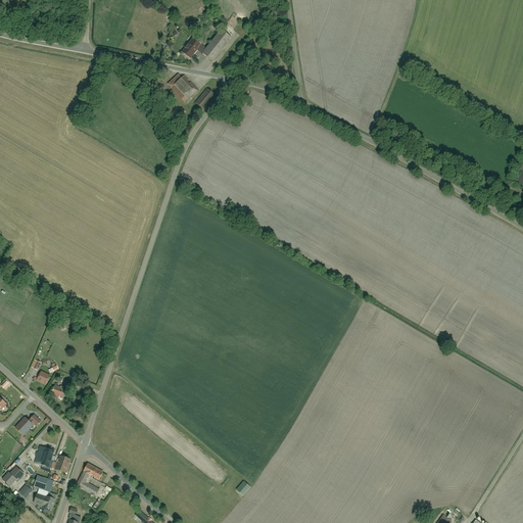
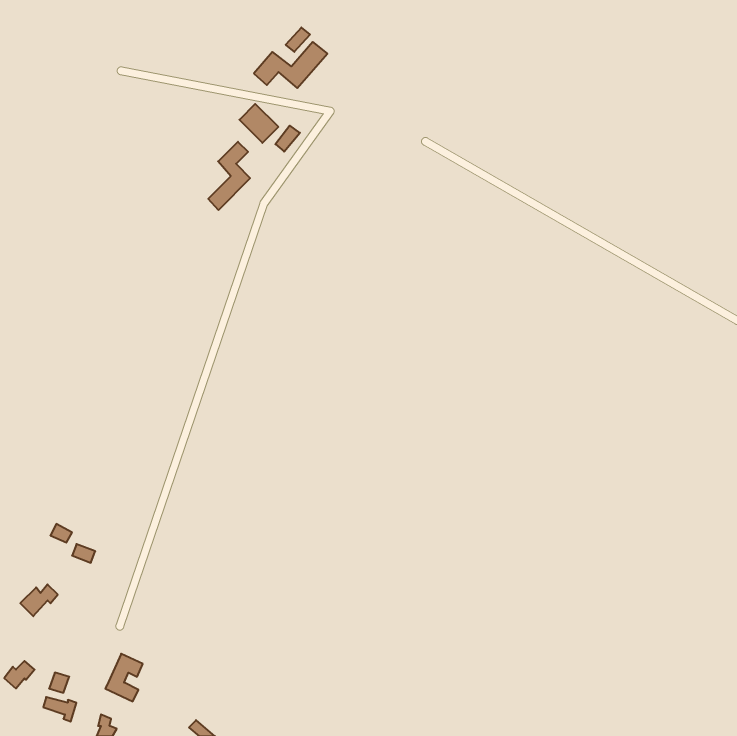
building: none -> [208,142,250,210]
building: [36,446,69,472] -> none

